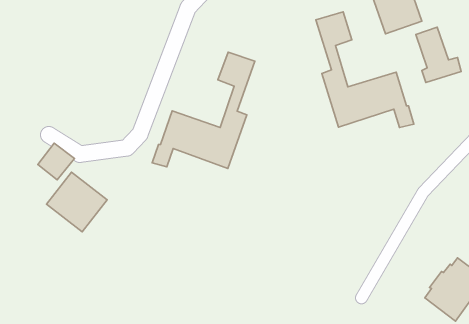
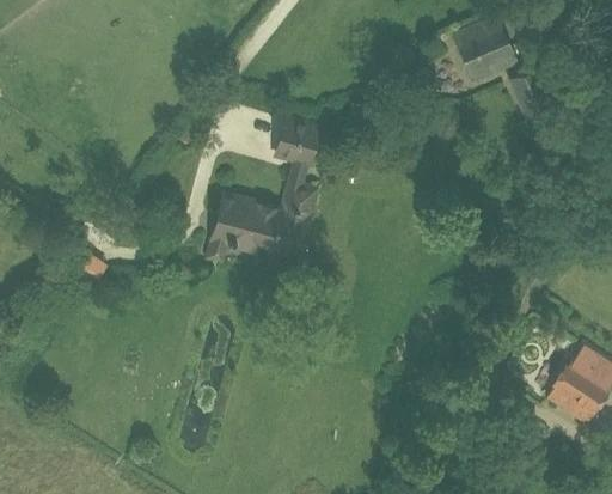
building: [316,12,414,128] -> none
building: [46,172,107,232] -> none

